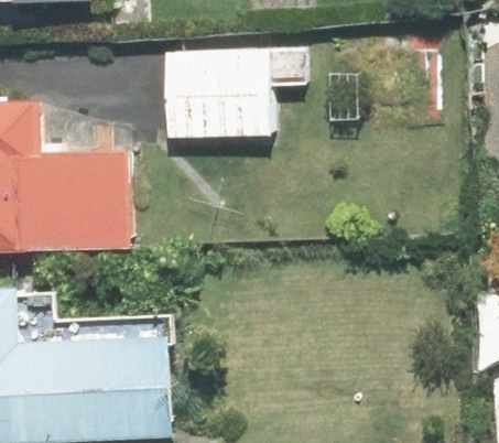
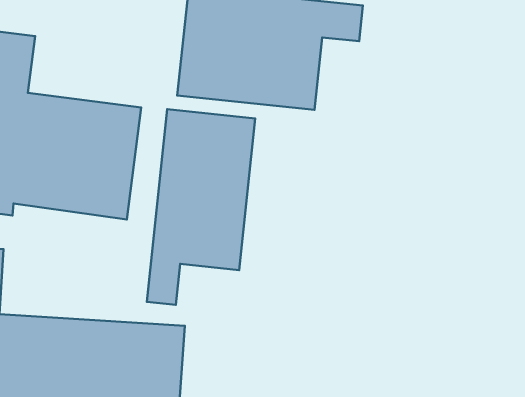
building: none -> [147,109,255,305]

